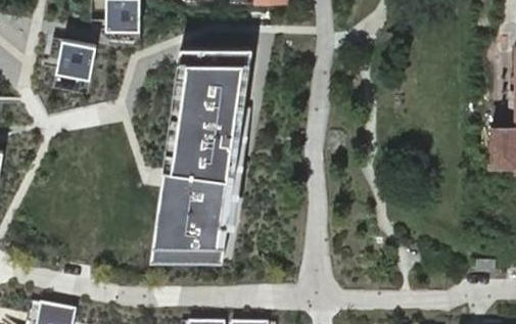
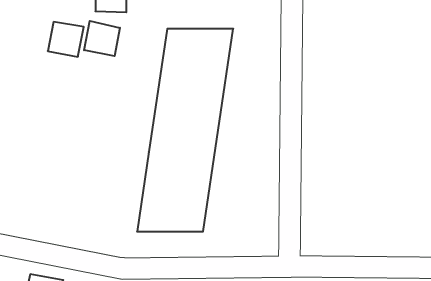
building: none -> [84,21,120,56]

